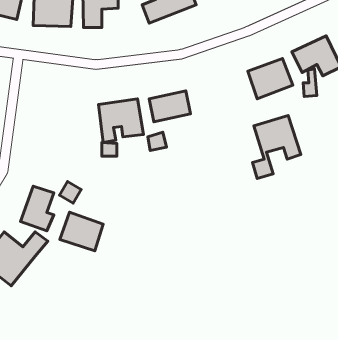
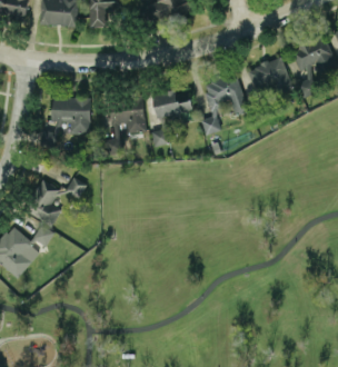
building: none -> [51,98,89,133]
building: [253,115,301,179] -> [200,75,247,136]
building: [60,212,103,251] -> none

